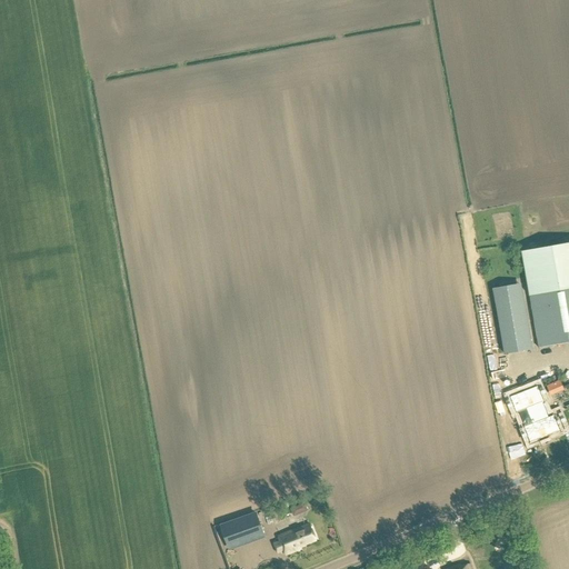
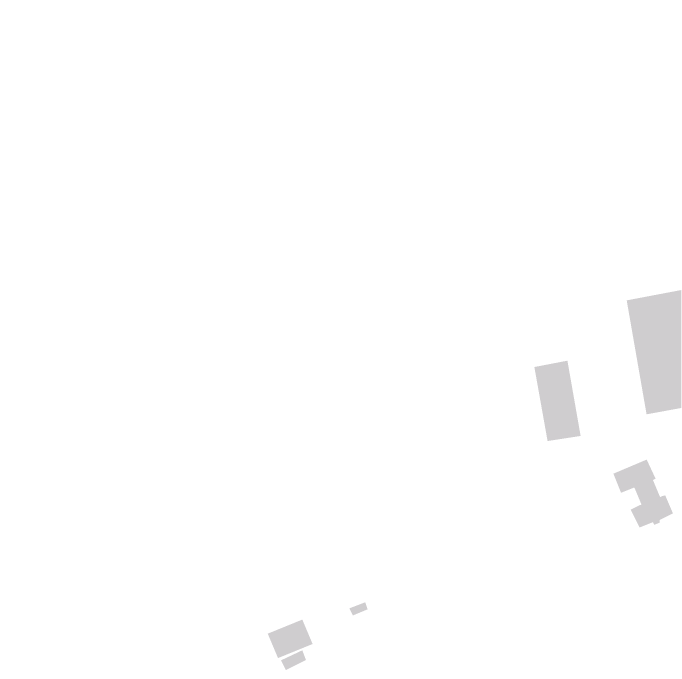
building: [493,283,533,351] -> [533,360,581,441]
building: [273,521,316,553] -> none

